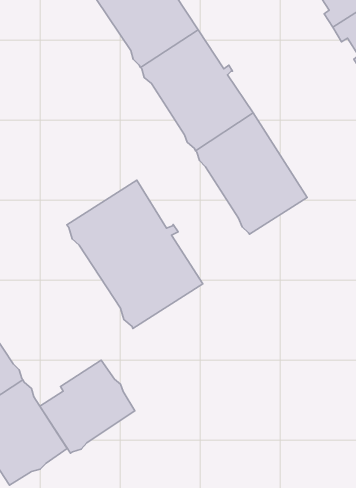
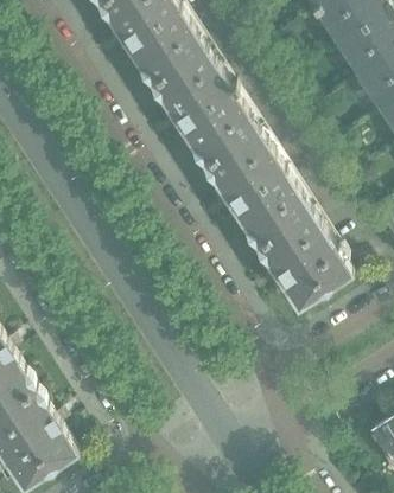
building: [67,180,203,328] -> none
building: none -> [255,209,352,308]
building: [40,360,135,453] -> none

